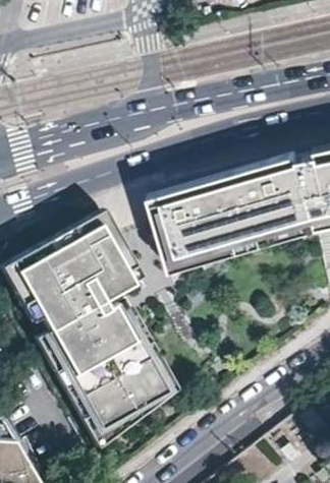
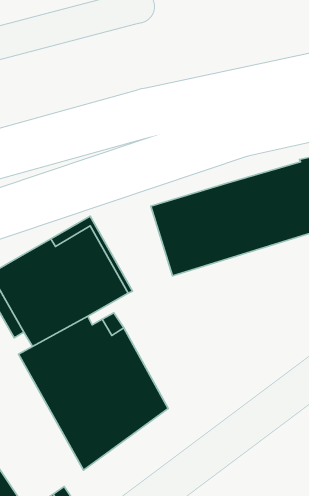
building: [152,154,300,269] -> none

